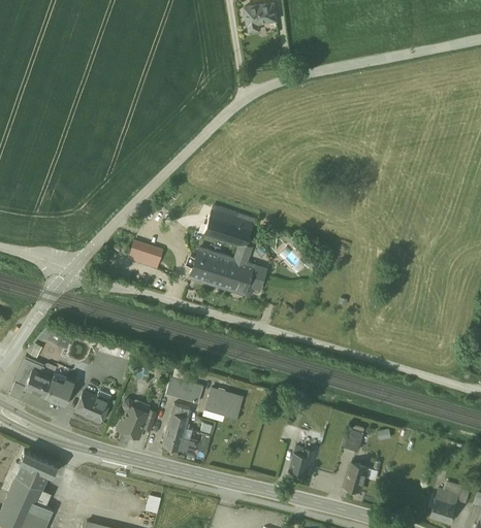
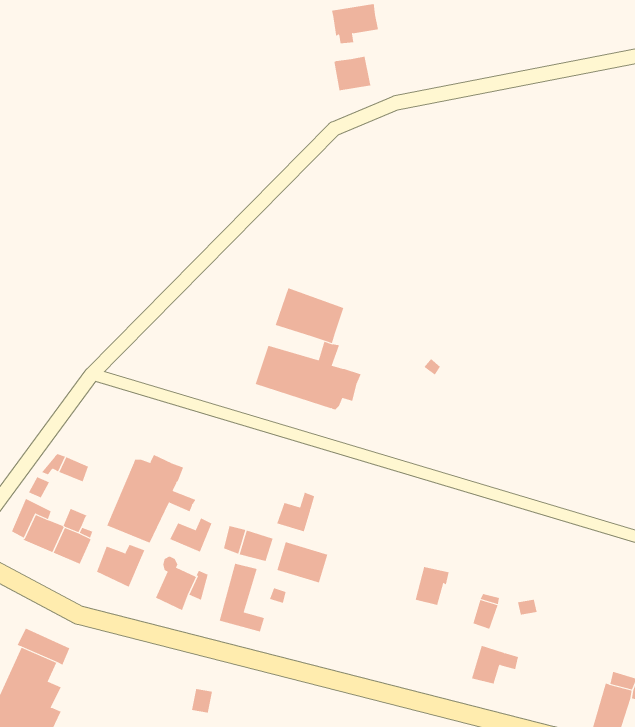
building: none -> [334,56,372,91]
building: [128,240,162,267] -> none
building: none -> [107,454,196,544]
building: none -> [276,492,315,532]
building: none -> [169,517,212,552]
building: [289,447,314,474] -> [415,567,450,605]

